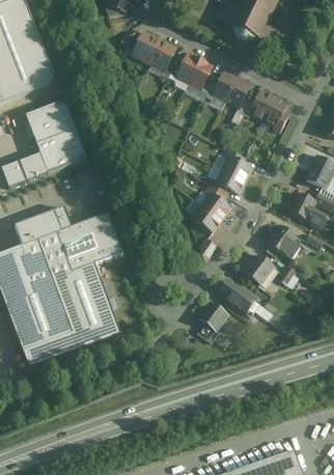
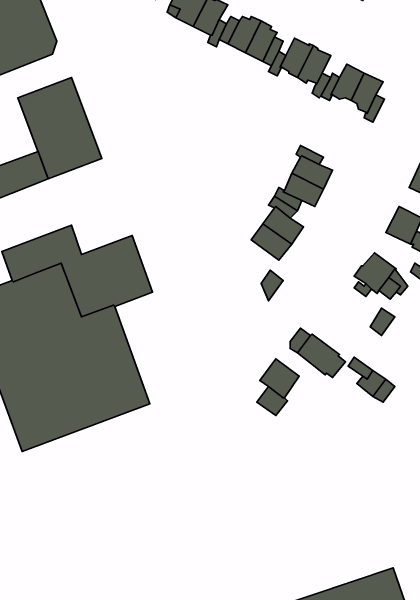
building: [244,253,273,283] -> none

